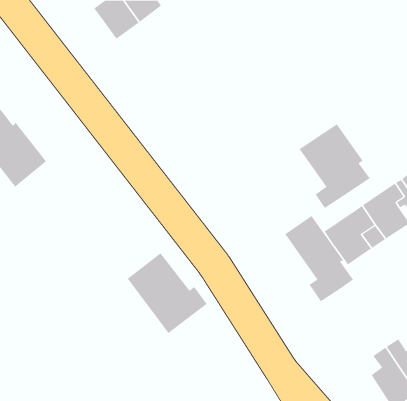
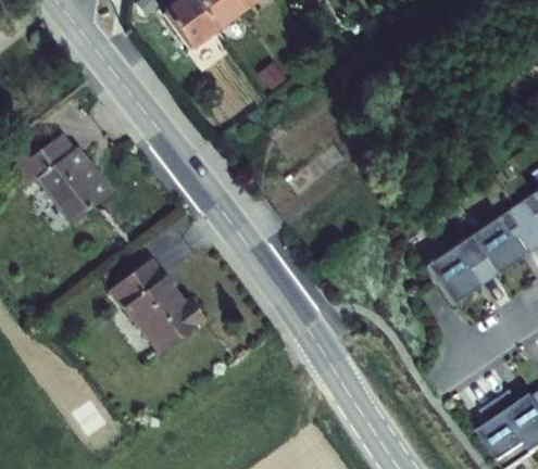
building: [299,124,371,209] -> none
building: [284,215,354,302] -> none
building: [127,252,208,334] -> [107,249,200,343]

